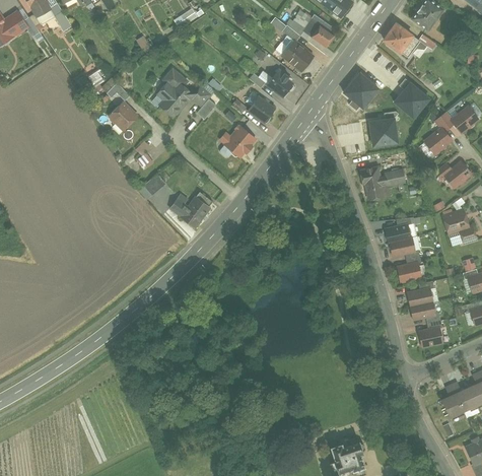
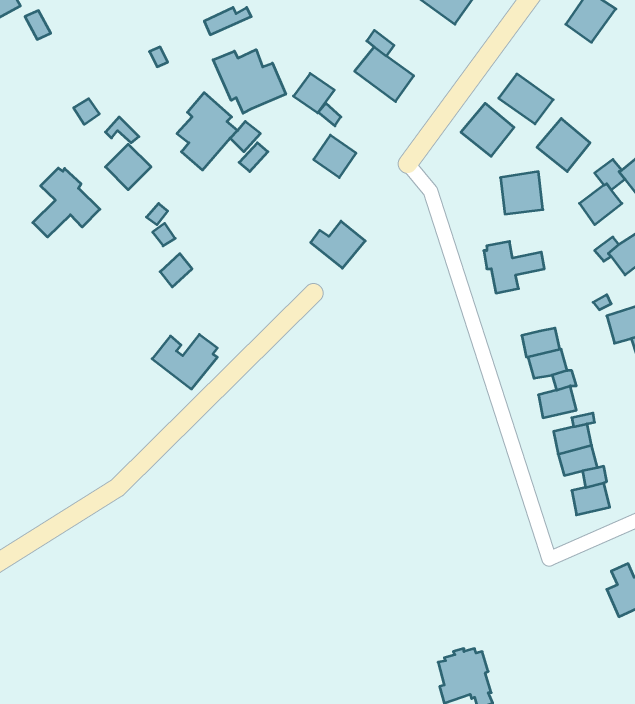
building: [302,13,333,46] -> none
building: [385,23,421,57] -> [499,74,553,124]
building: none -> [213,50,286,113]
building: [266,70,293,96] -> [293,73,334,113]
building: none -> [33,168,100,237]
building: [218,126,255,157] -> [311,221,365,268]
building: [167,192,211,228] -> [152,334,217,389]

